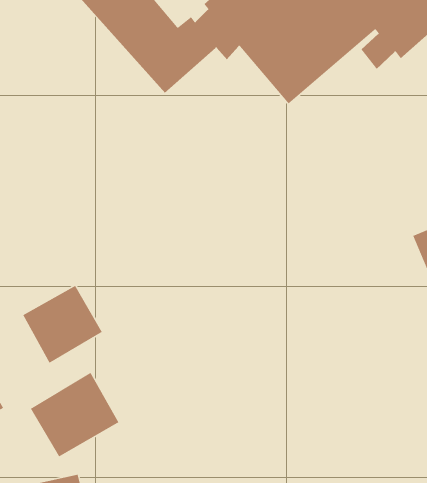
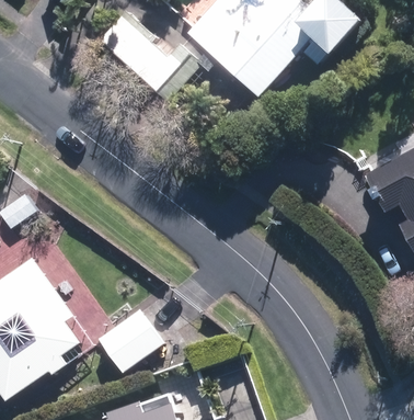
building: [22,285,103,364] -> none

